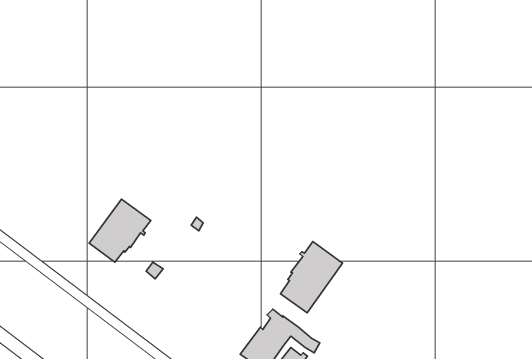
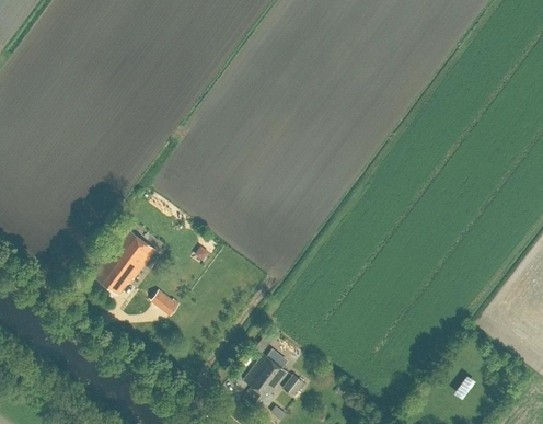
building: [280,241,343,313] -> none

